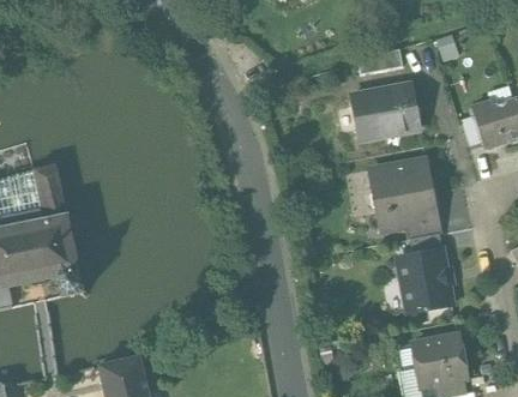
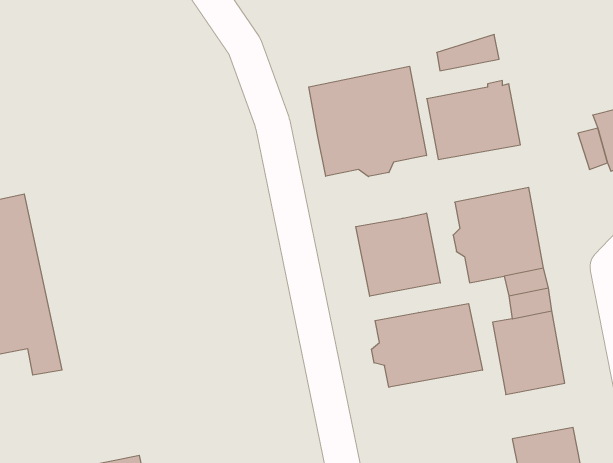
building: none -> [309,66,426,177]
building: none -> [356,213,440,296]
building: none -> [372,304,482,387]

